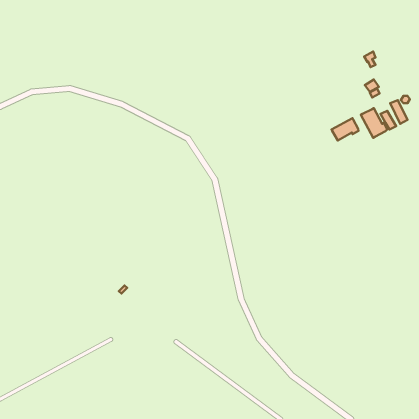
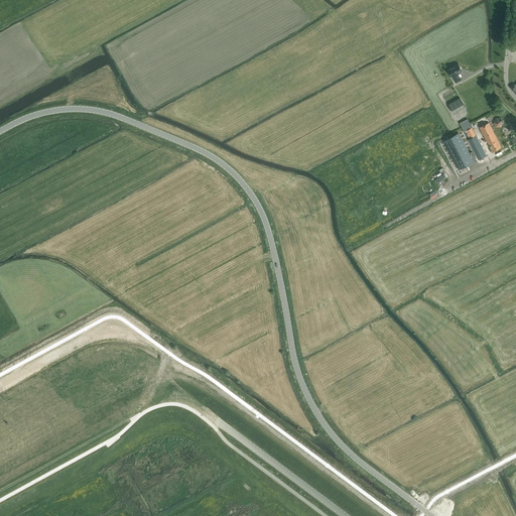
building: [331,118,358,140] -> none

